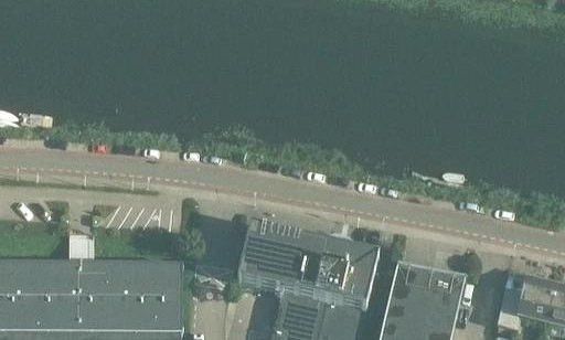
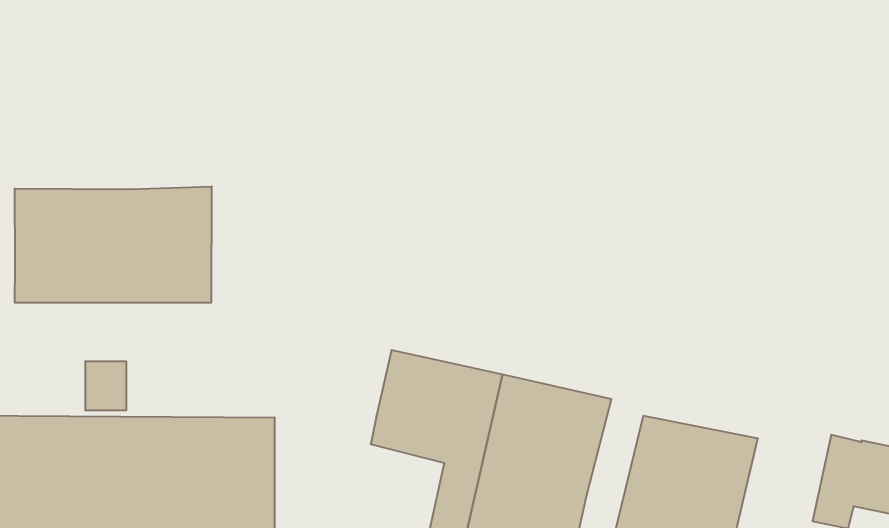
building: none -> [15,186,212,303]

